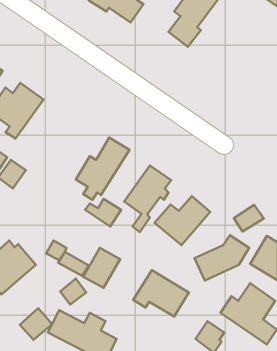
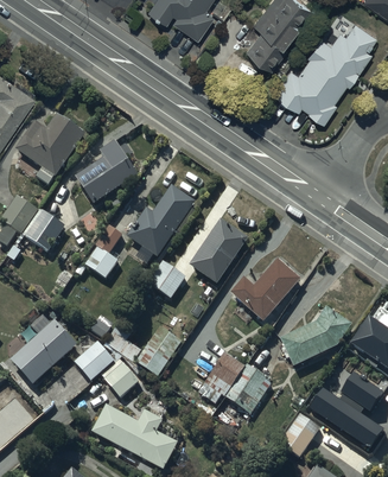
building: none -> [274,19,379,120]
building: none -> [76,140,134,203]
building: none -> [84,247,116,278]
building: [234,205,264,232] -> none
building: [20,308,52,340] -> [75,341,116,381]

